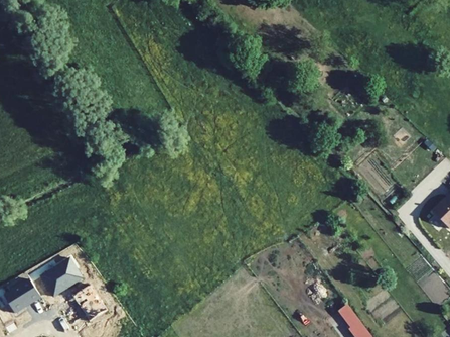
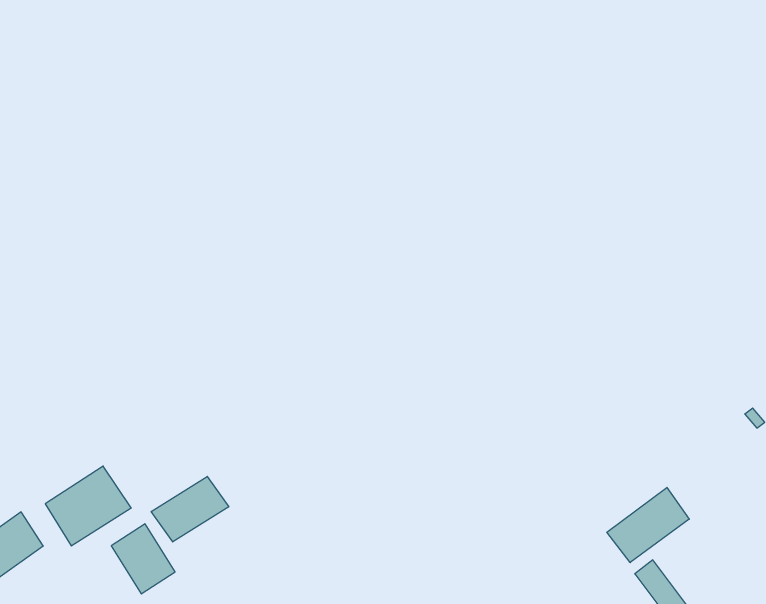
building: none -> [151,476,229,542]
building: none -> [607,487,689,563]

